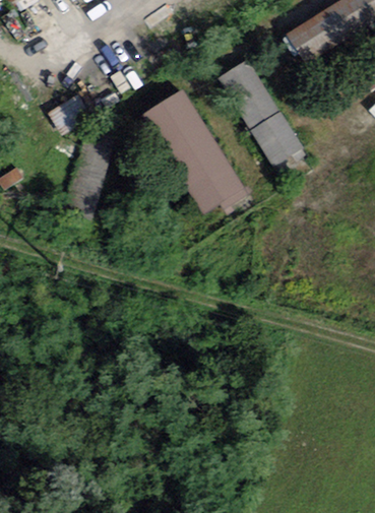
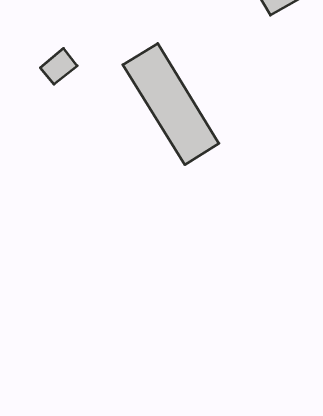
building: [220,60,302,164] -> none

